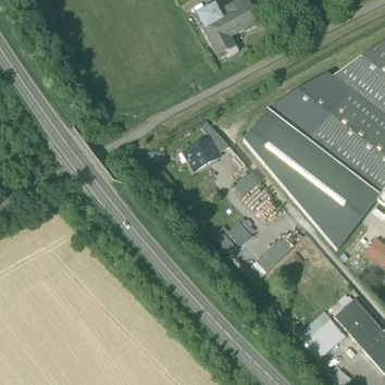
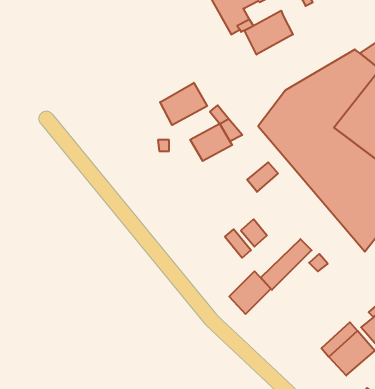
building: none -> [245,11,293,55]
building: none -> [160,83,207,125]
building: none -> [229,271,271,314]

